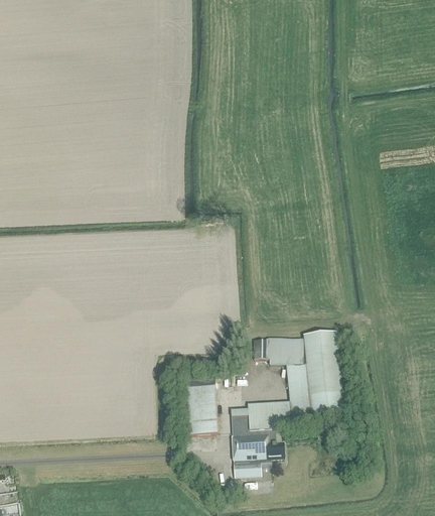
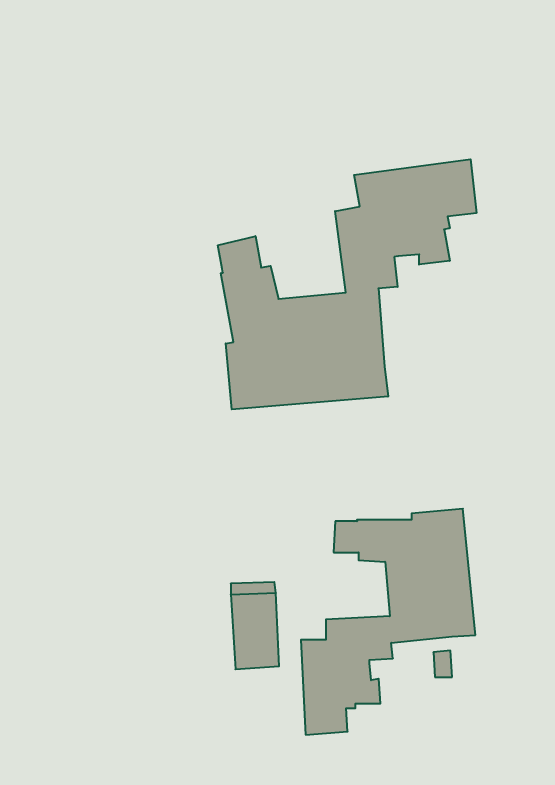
building: none -> [218,159,476,409]

